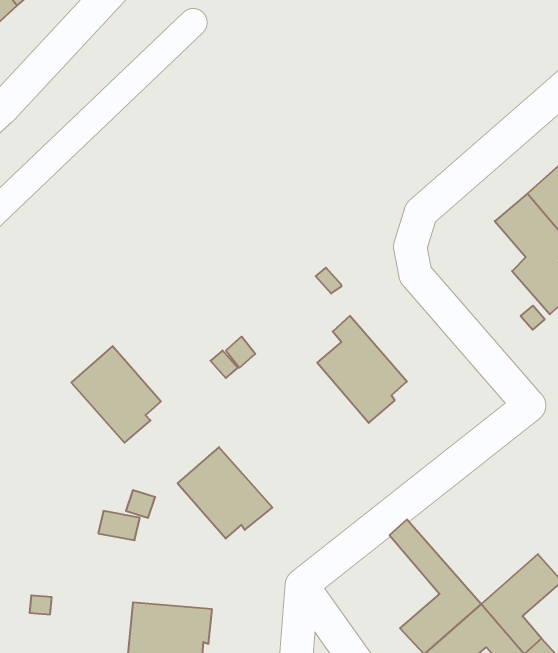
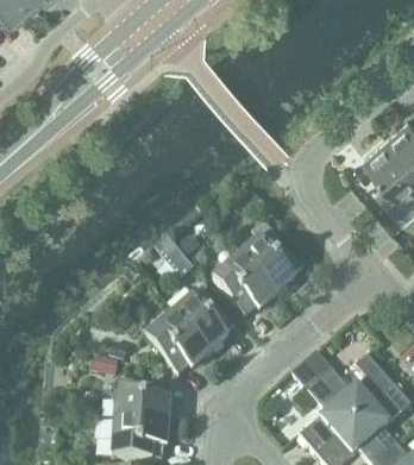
building: [71,346,161,443] -> [174,288,236,354]
building: none -> [213,255,277,318]
building: none -> [303,352,394,421]
building: none -> [114,383,170,425]

